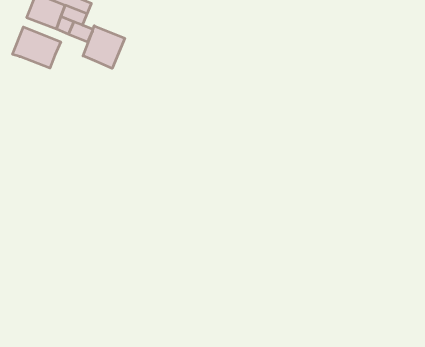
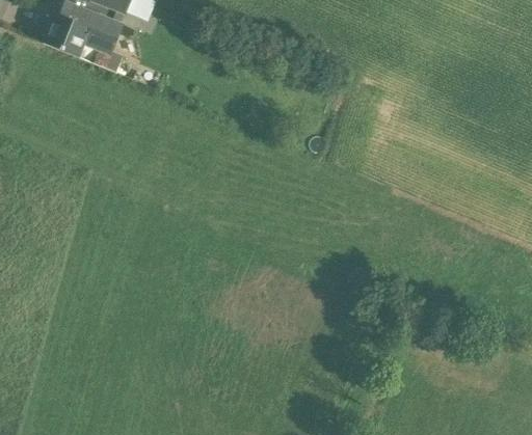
building: [83,26,125,68] -> none
building: [13,27,61,68] -> none

